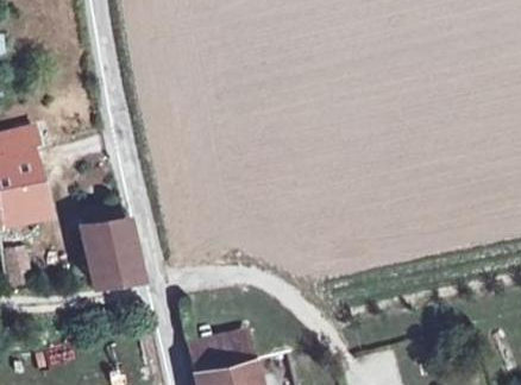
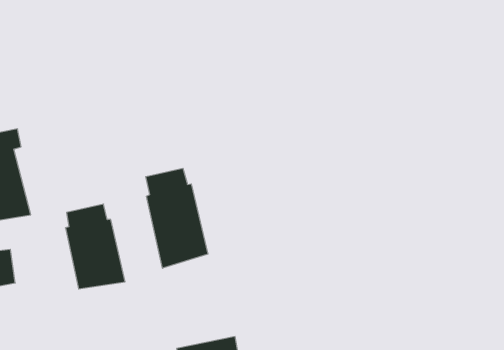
building: none -> [146,168,208,268]

